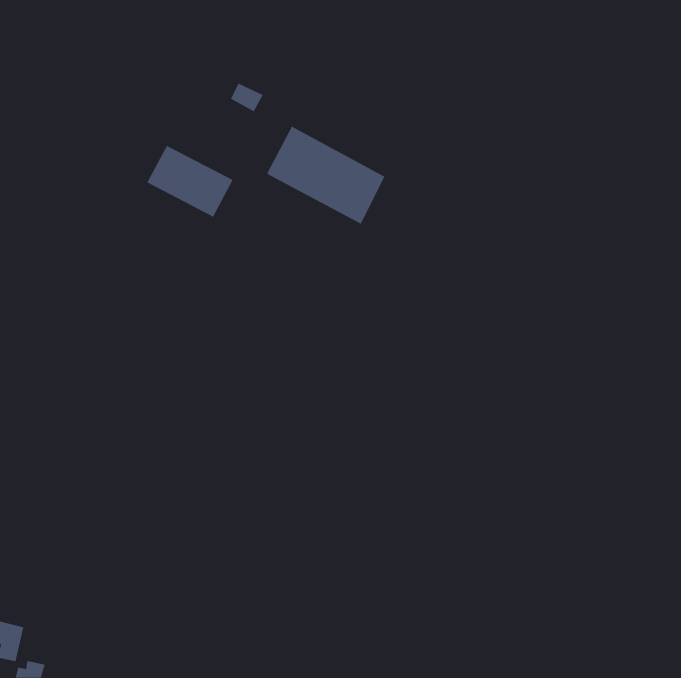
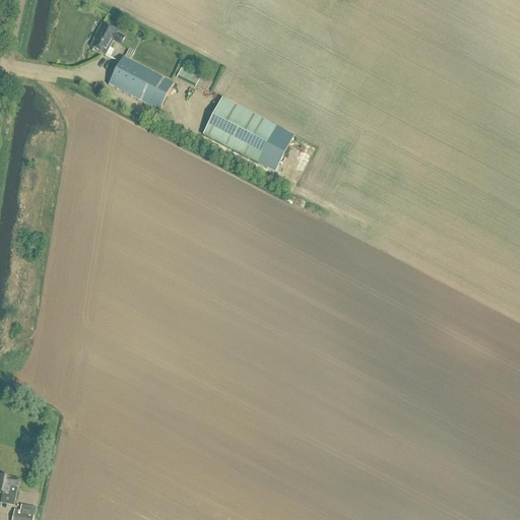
building: none -> [90,20,124,52]
building: [147,145,233,217] -> [107,54,173,109]

